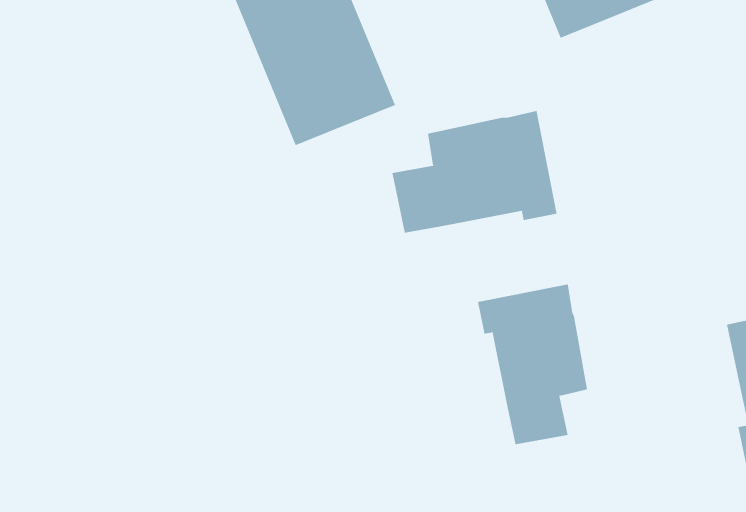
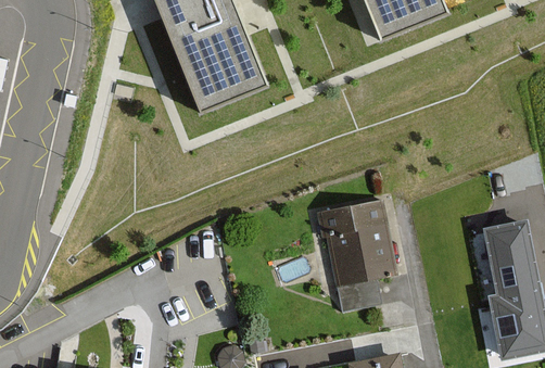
building: [392,110,557,234] -> none

